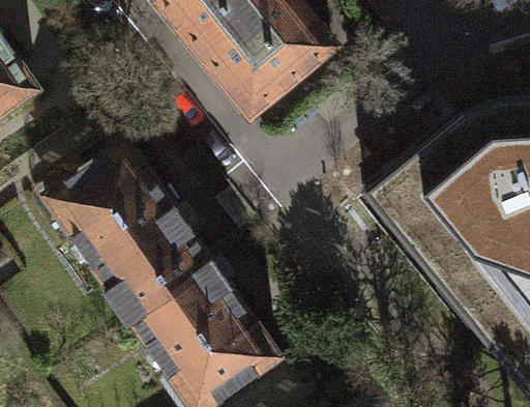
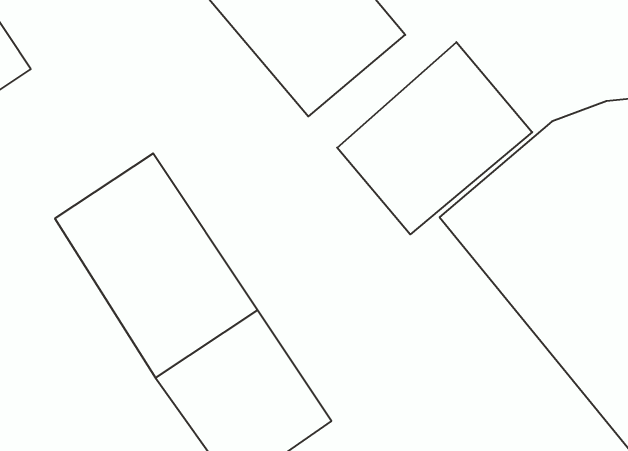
building: none -> [337,42,532,234]

